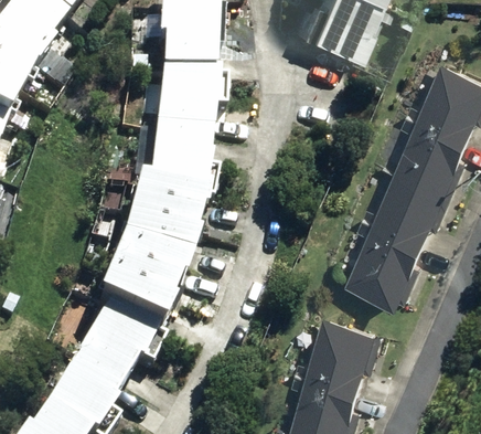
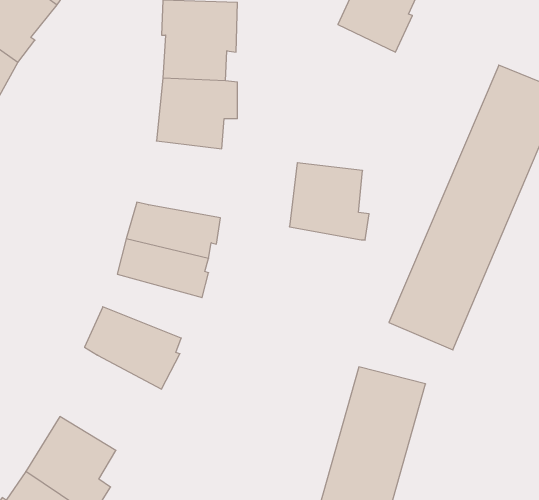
building: [147,124,214,189] -> [289,163,369,240]
building: [108,236,192,290] -> none
building: [72,305,162,385] -> none

